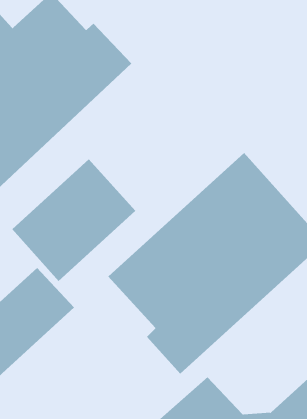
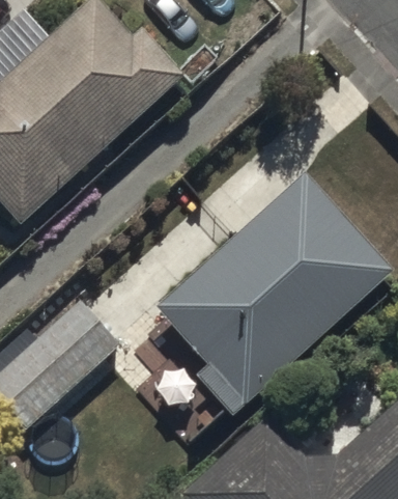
building: [11,158,136,282] -> none

